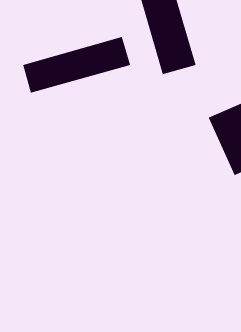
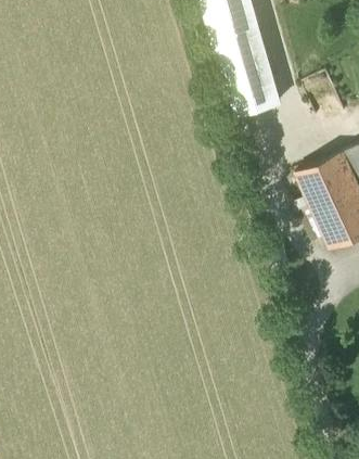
building: [23,36,131,93] -> none

